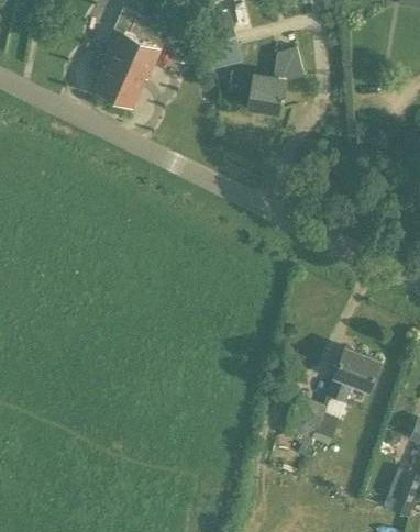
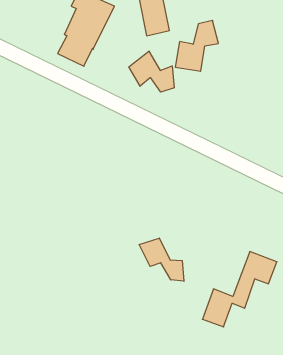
building: none -> [129,51,174,92]
building: none -> [139,238,184,281]

